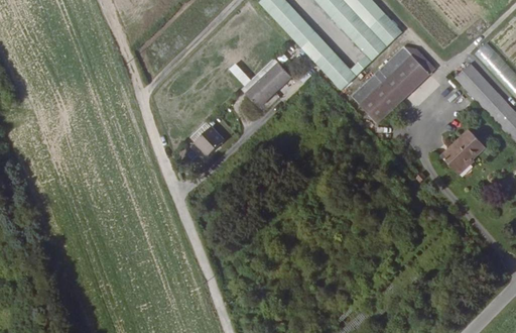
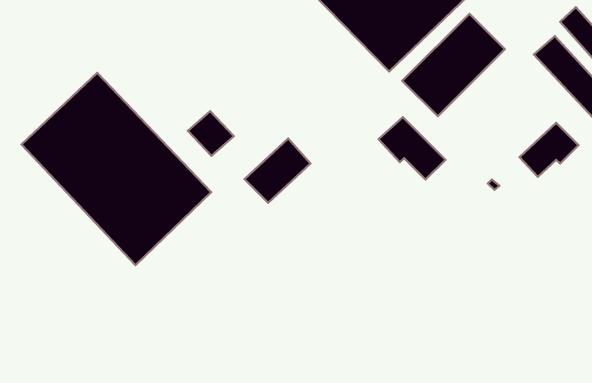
building: [240,57,290,106] -> [245,139,310,203]
building: none -> [22,73,211,265]
building: none -> [379,117,445,180]

